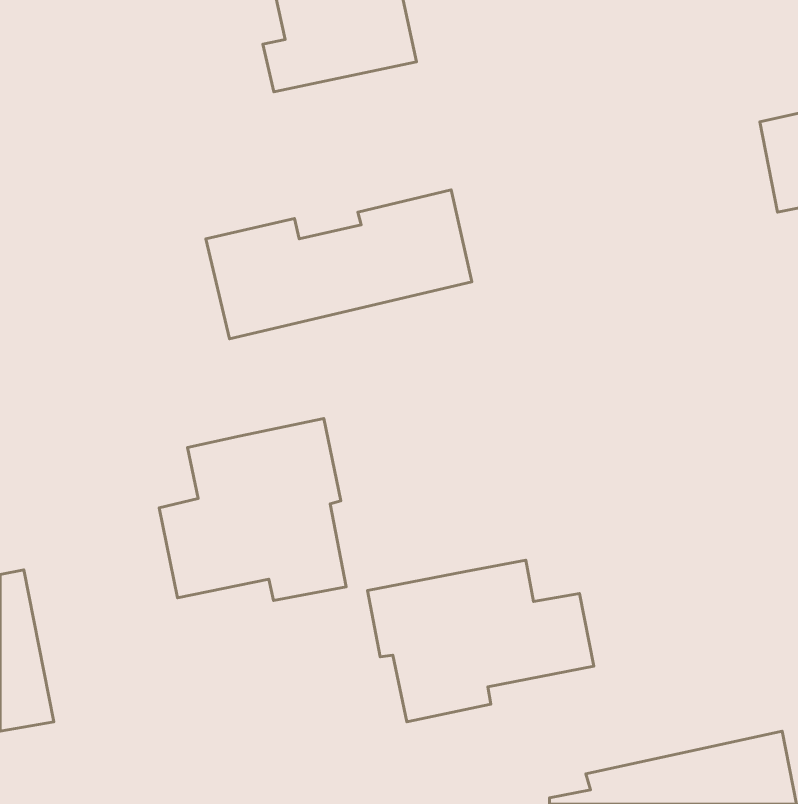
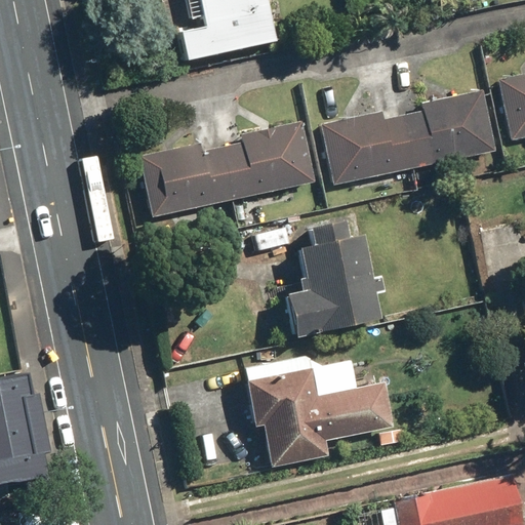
building: none -> [323,84,496,185]
building: none -> [283,220,386,339]
building: [159,418,346,600] -> none

